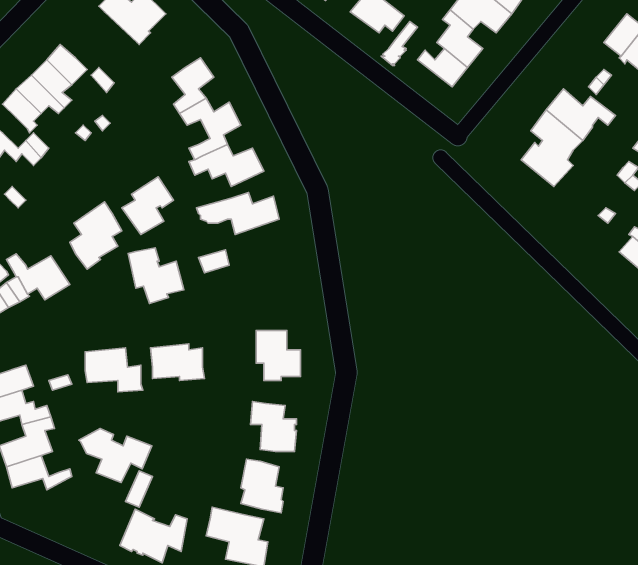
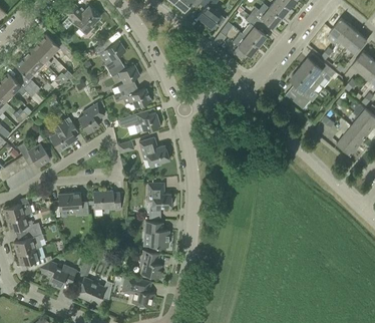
building: [128,248,184,303] -> [139,138,168,168]
building: [79,429,152,482] -> [38,261,76,289]

